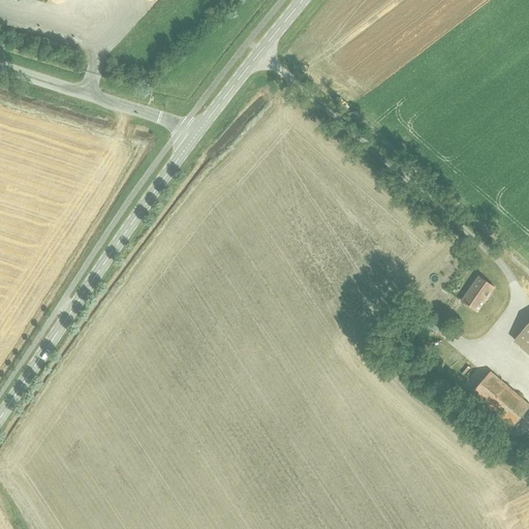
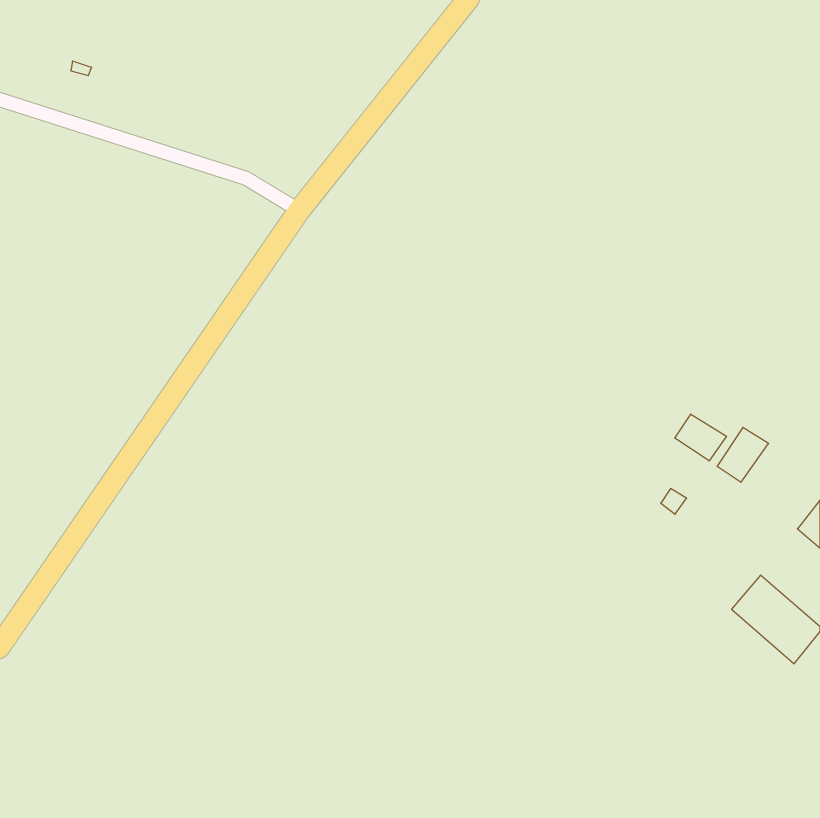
building: none -> [675,414,726,461]

